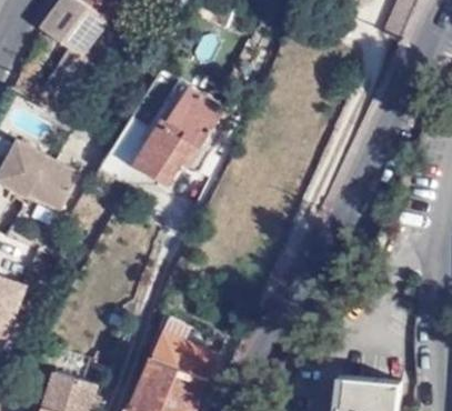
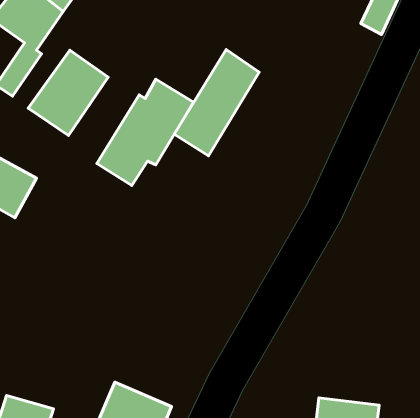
building: none -> [174,50,259,156]
building: none -> [28,50,108,135]
building: [152,334,215,383] -> none

